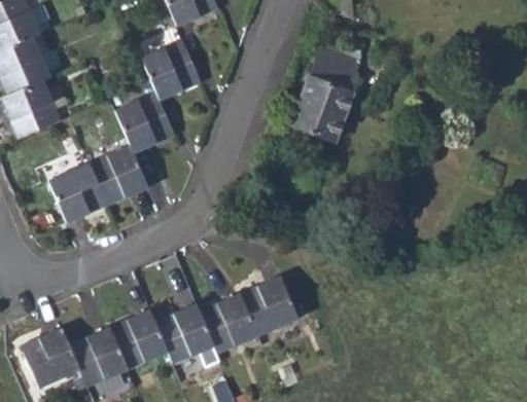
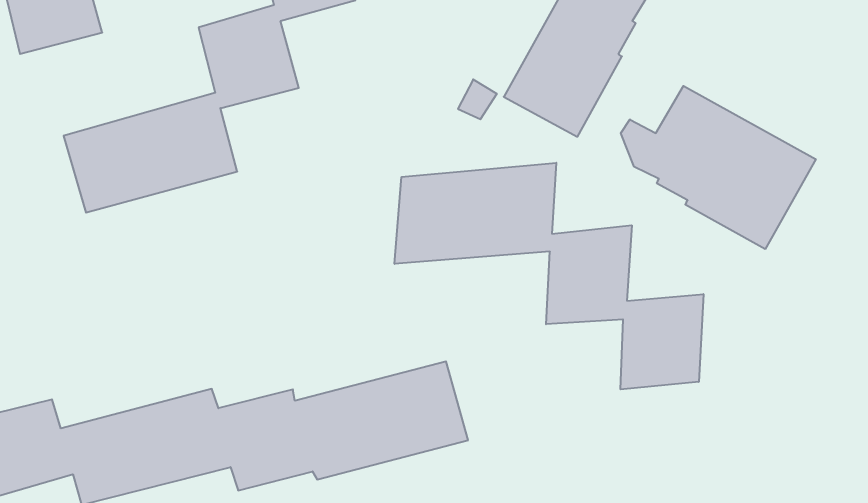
building: none -> [621,86,816,249]
building: none -> [395,163,703,389]

